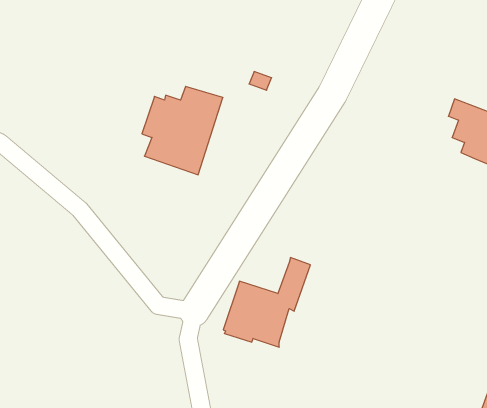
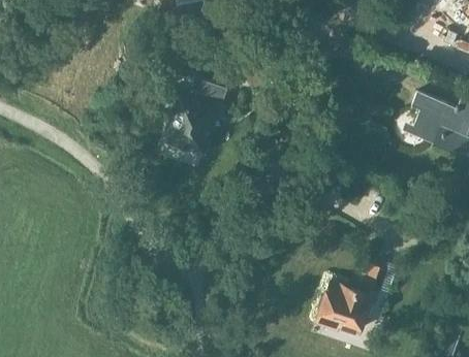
building: [223,258,310,347] -> [315,260,387,334]

